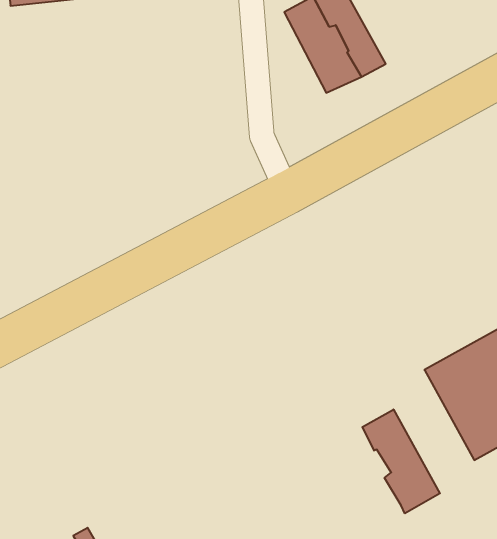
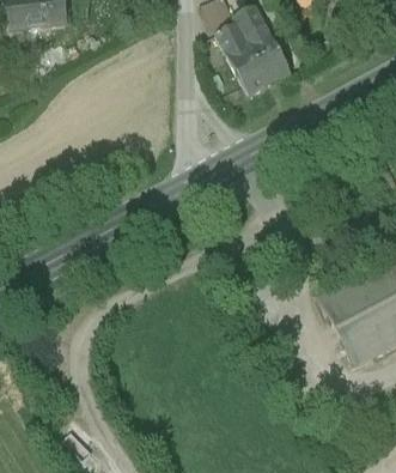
building: [362,409,440,513] -> none

